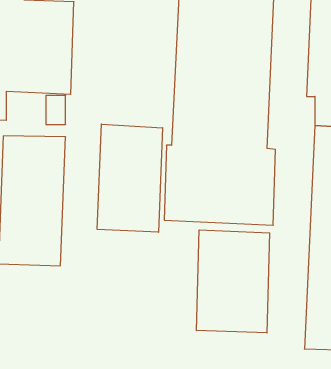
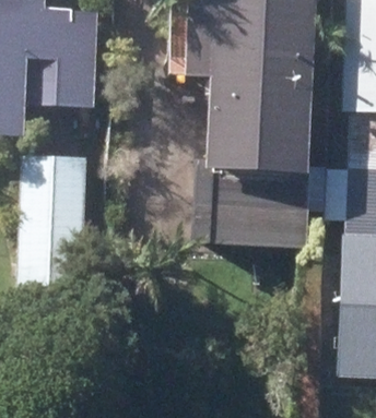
building: [97,124,163,232] -> none
building: [196,230,270,333] -> none

